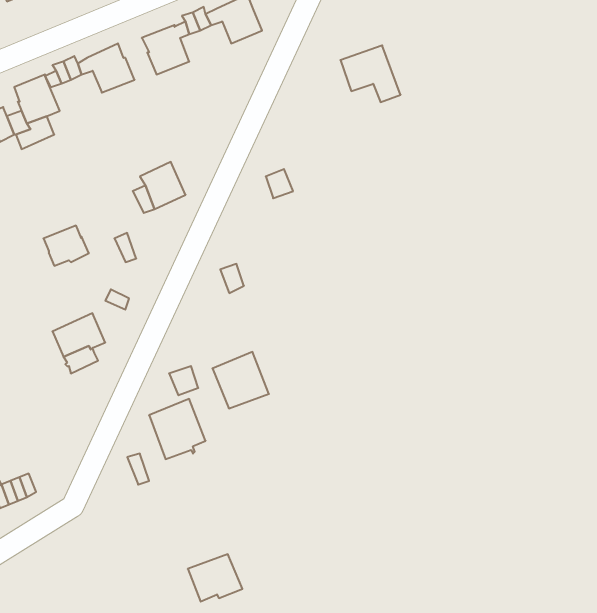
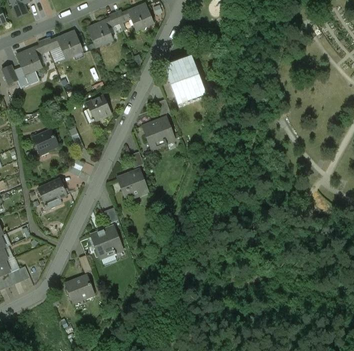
building: [340,45,401,102] -> [168,63,201,94]
building: none -> [143,116,175,149]
building: [212,352,269,408] -> [117,168,148,199]
building: [188,554,242,602] -> [65,275,95,301]

